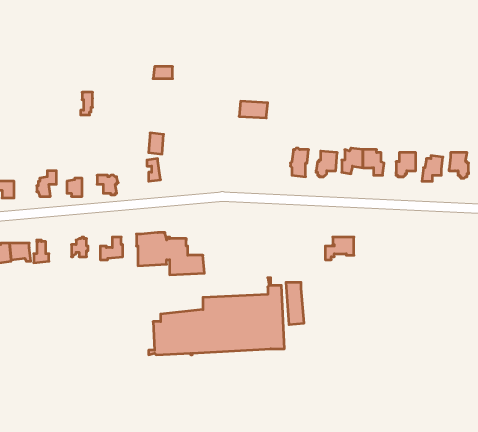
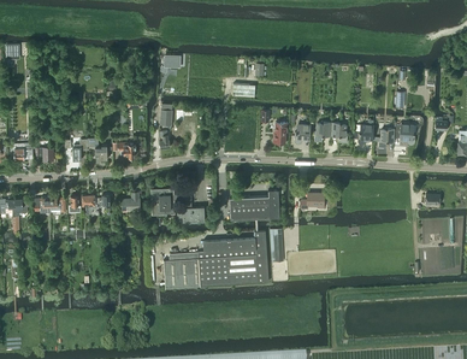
building: none -> [230,190,280,225]

